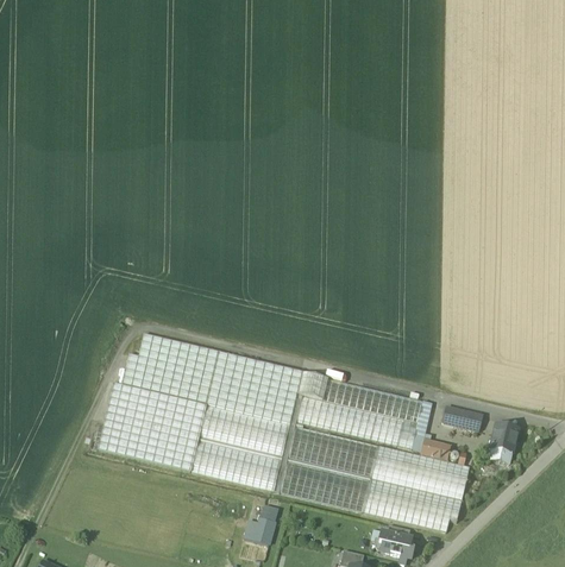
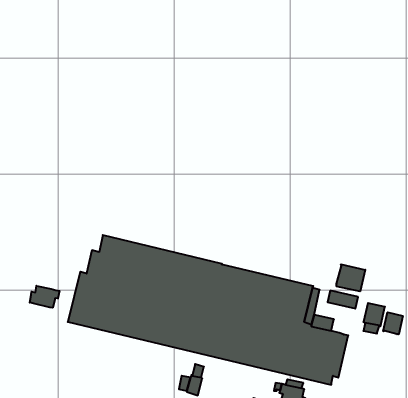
building: none -> [337,264,365,291]
building: none -> [30,286,59,308]
building: none -> [383,312,403,334]

